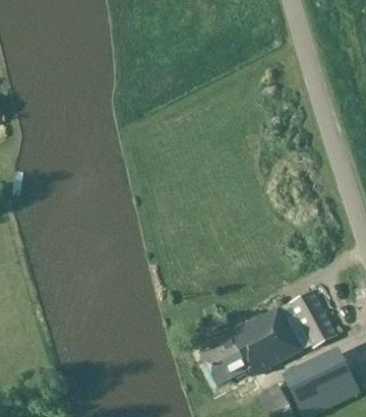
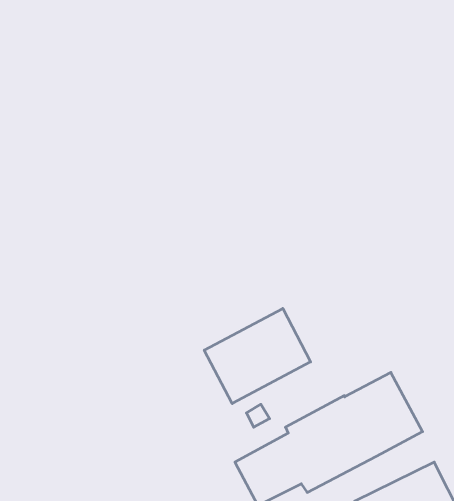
building: none -> [204,308,311,404]

